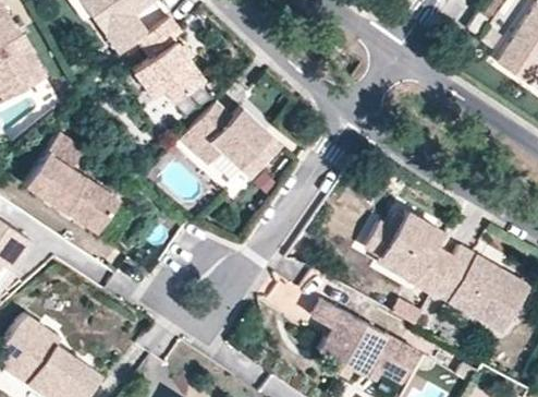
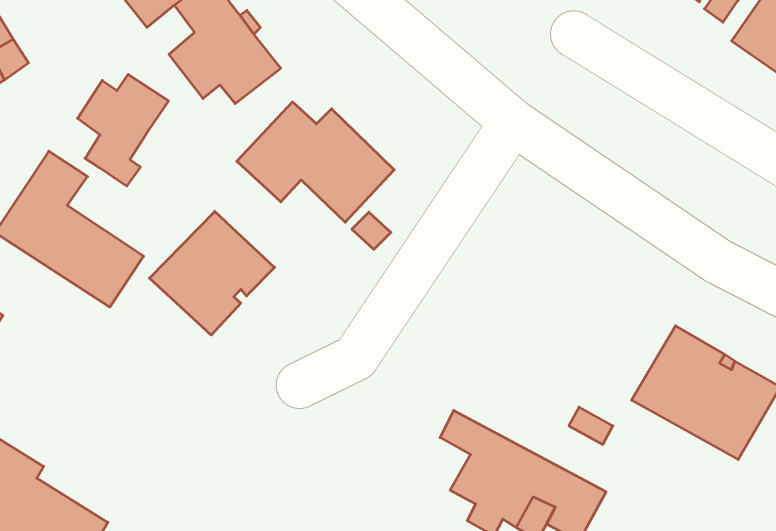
building: none -> [77,74,168,186]
building: none -> [149,211,275,335]
building: [364,213,452,292] -> none

